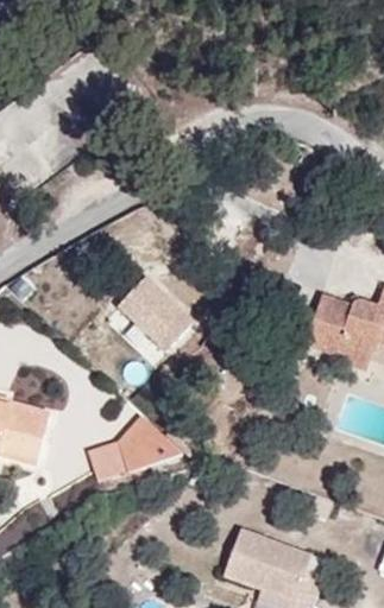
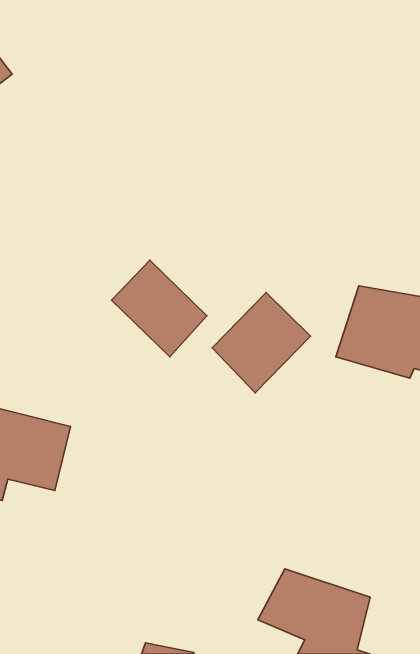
building: none -> [212,293,310,393]
building: [113,438,172,480] -> none

